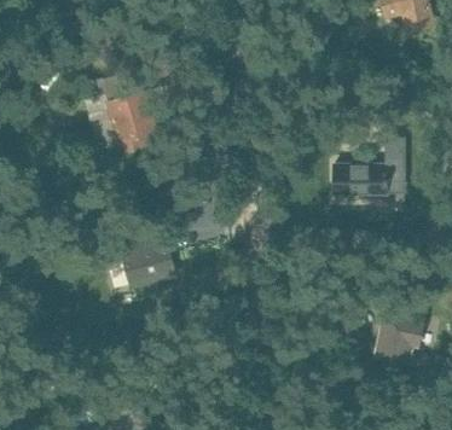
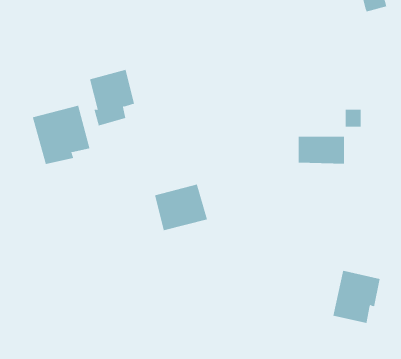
building: none -> [32,105,90,165]
building: [121,239,179,290] -> [154,184,208,231]

